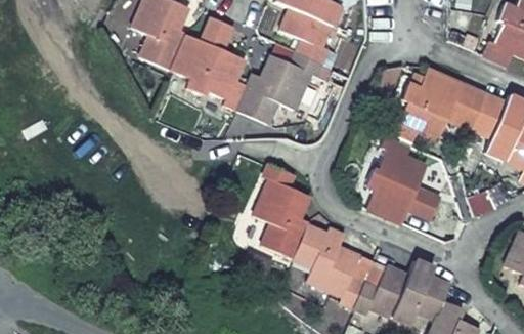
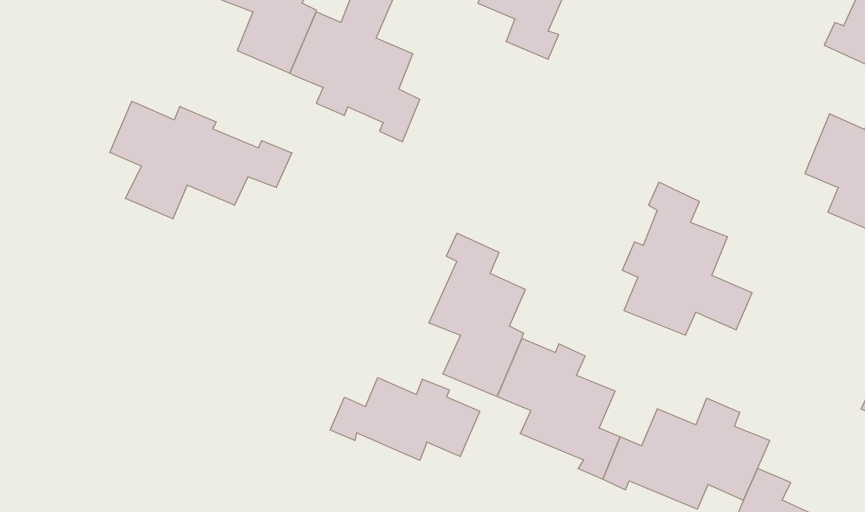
building: [237,51,322,124] -> none
building: [387,69,486,144] -> none
building: none -> [110,101,292,219]
building: none -> [330,378,480,460]

